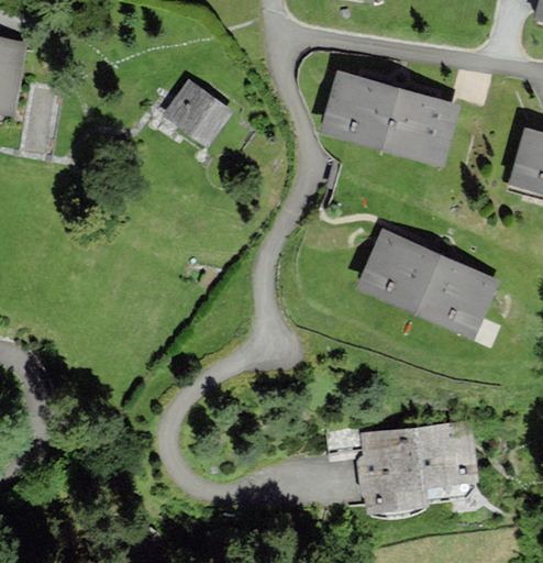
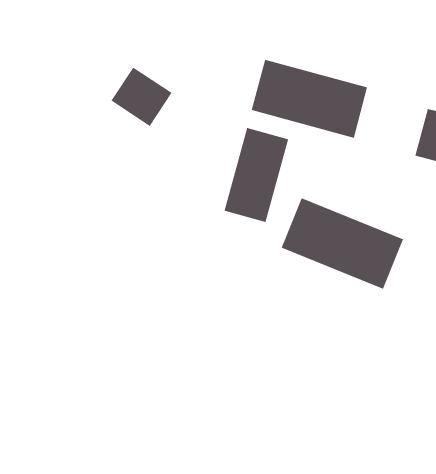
building: none -> [224,127,289,223]
building: [359,423,475,511] -> none

